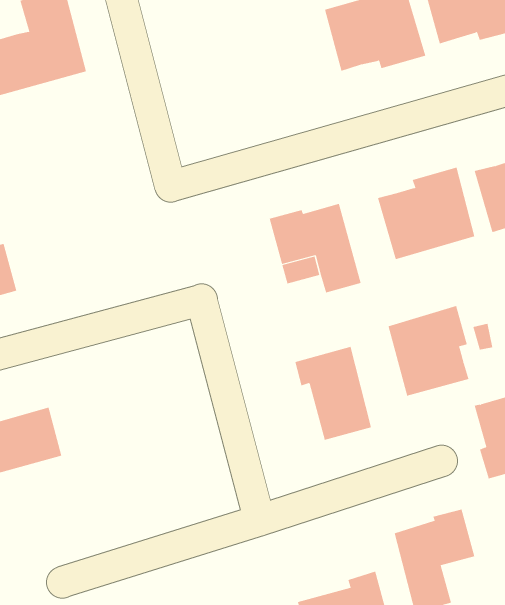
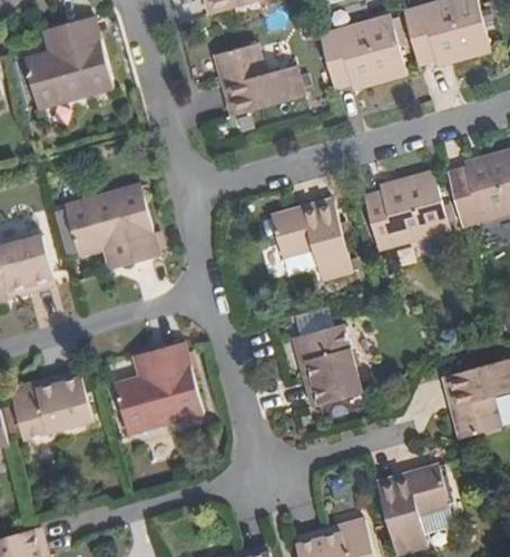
building: none -> [214,43,304,115]
building: none -> [65,184,159,265]
building: [388,305,469,396] -> none
building: none -> [115,342,203,433]

